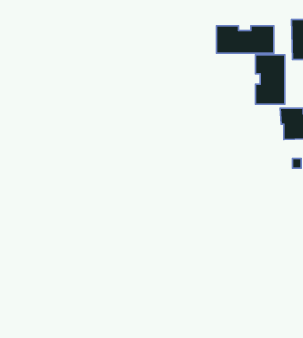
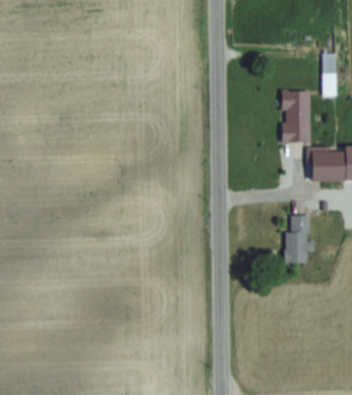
building: [216,26,274,53] -> none
building: none -> [285,215,312,265]

